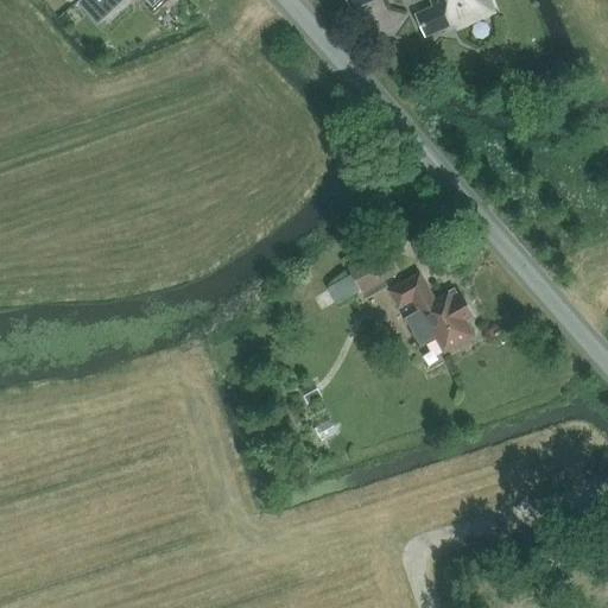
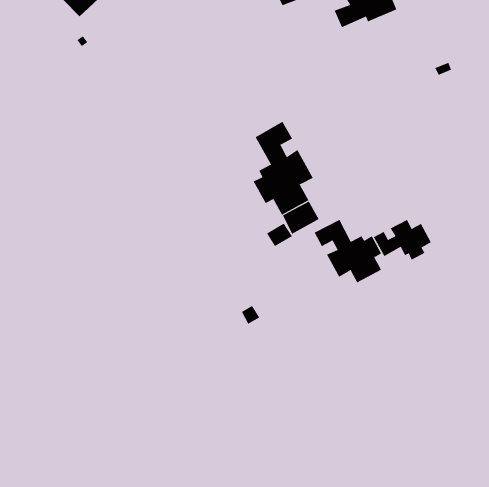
building: none -> [253,121,314,216]
building: none -> [373,219,432,260]

